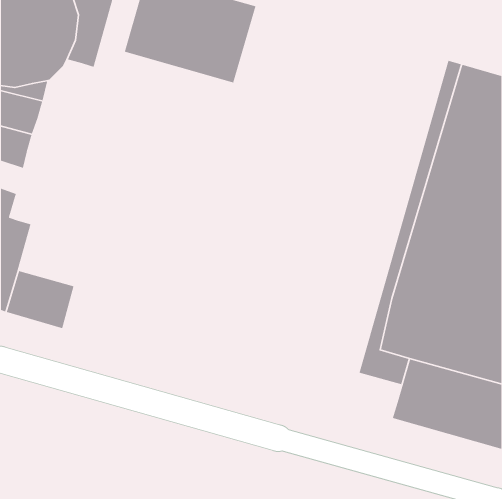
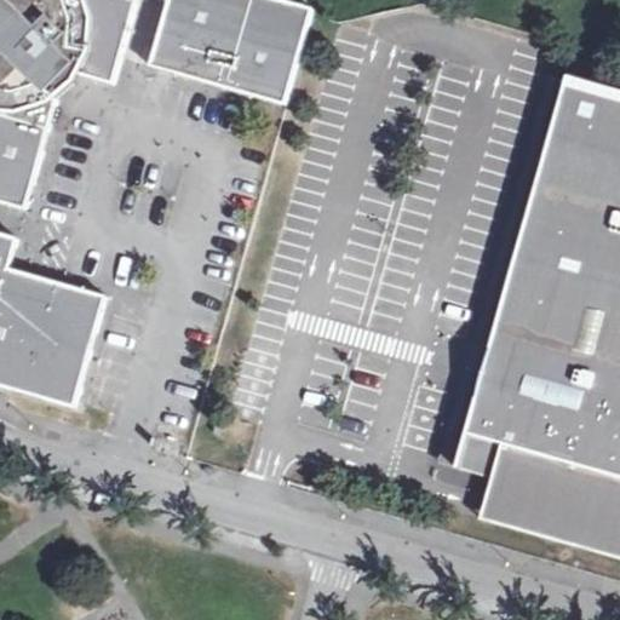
building: none -> [23,276,108,352]

